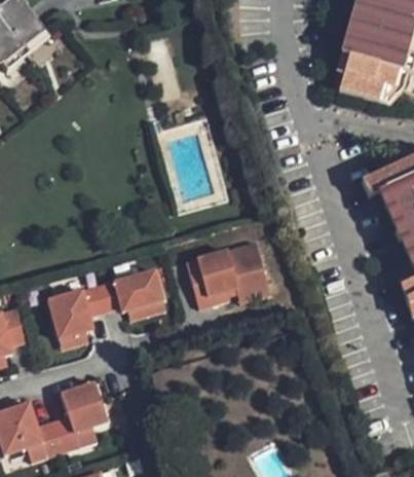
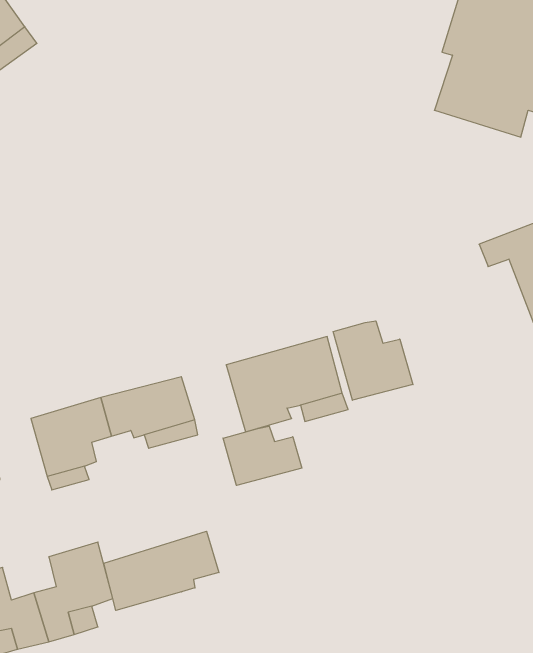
building: none -> [333,321,413,400]
building: none -> [223,426,302,485]
building: none -> [104,531,219,610]

